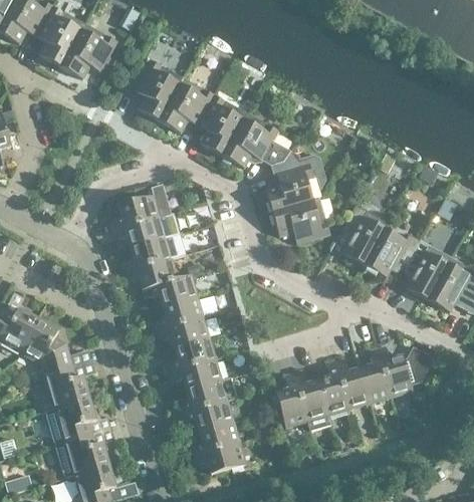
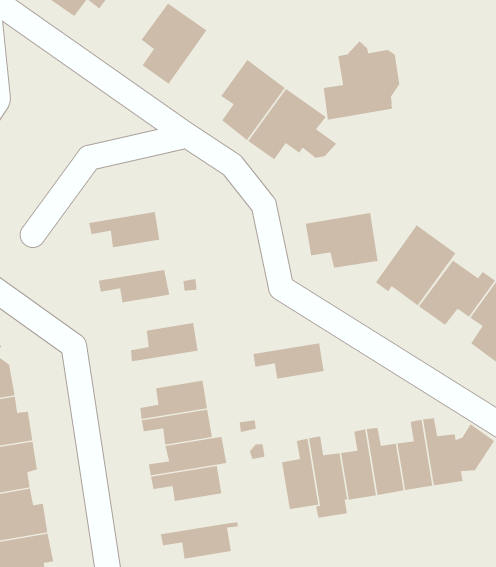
building: [159,76,215,133] -> none
building: [266,150,323,212] -> [323,41,400,120]
building: [108,184,171,230] -> none
building: [120,237,172,272] -> none
building: [143,274,198,305] -> none
building: [155,316,210,347] -> [253,343,325,379]
building: [189,421,240,456] -> none

